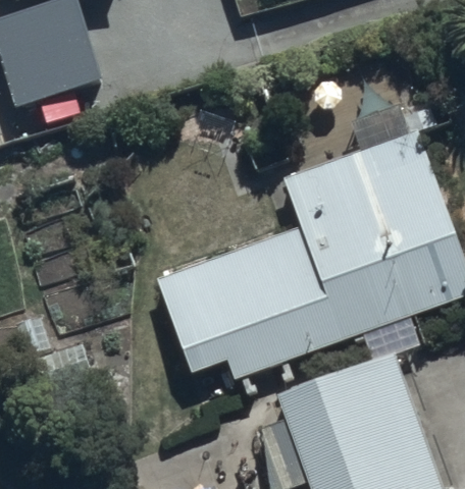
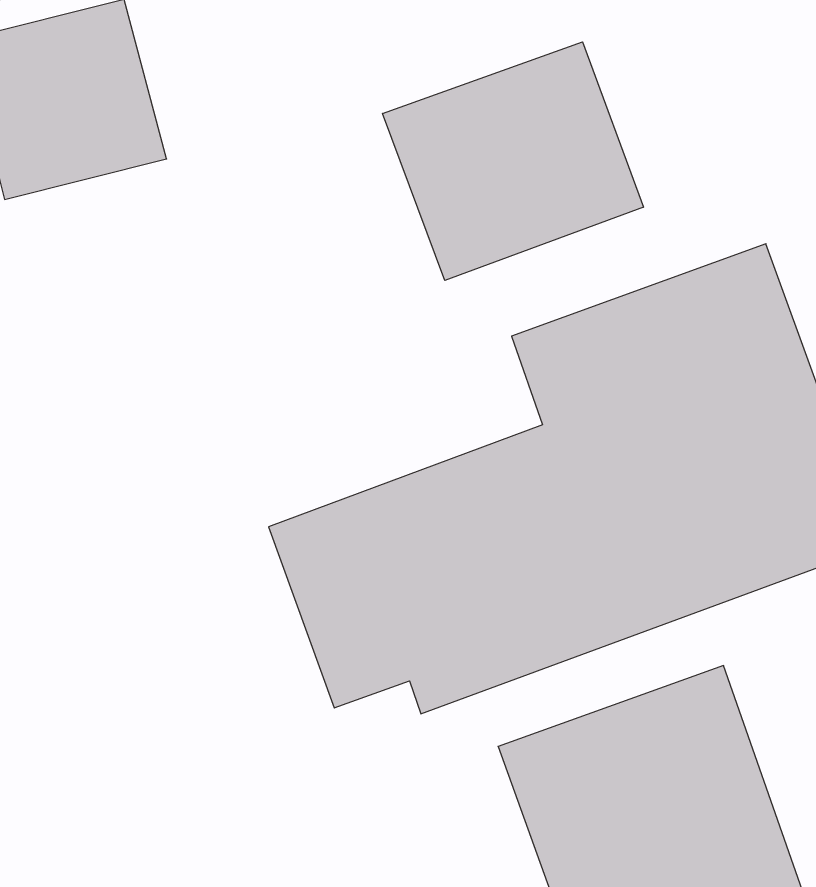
building: none -> [383,42,643,280]

